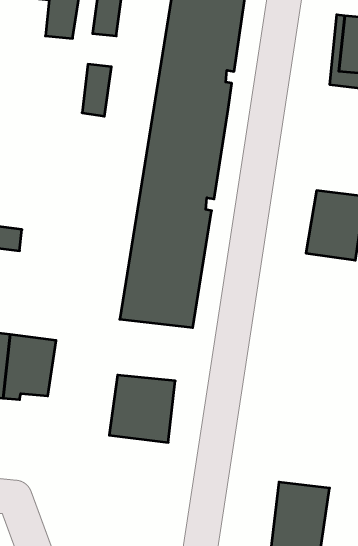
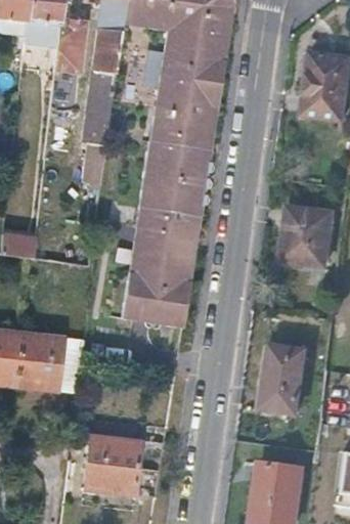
building: none -> [261,344,310,416]
building: [109,375,175,442] -> [83,436,140,494]

